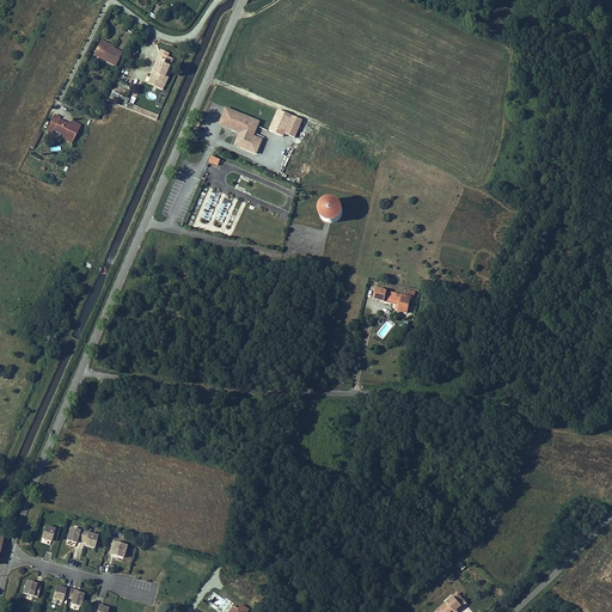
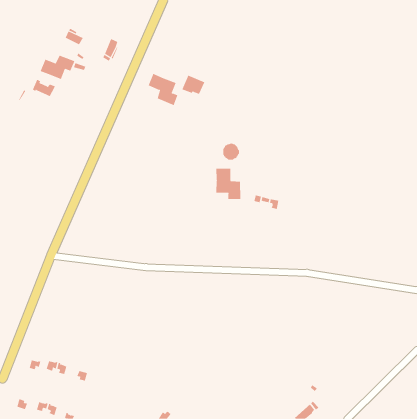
building: none -> [40,55,75,80]
building: none -> [216,168,241,200]

